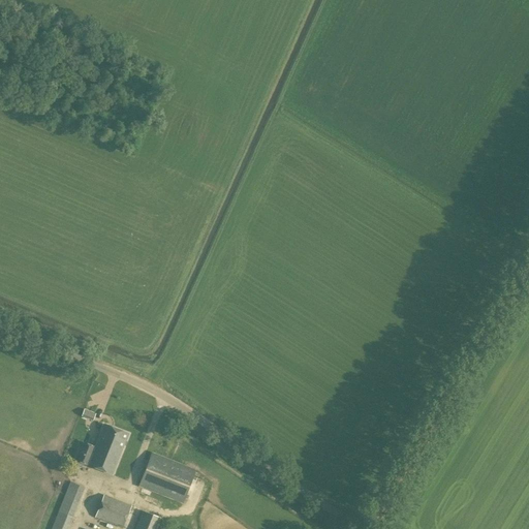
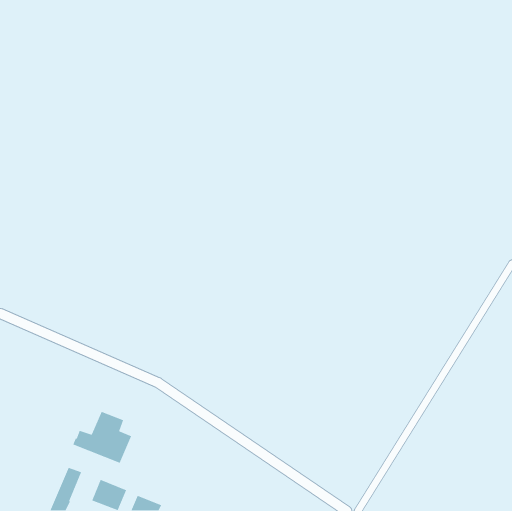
building: [138,452,196,503] -> none

